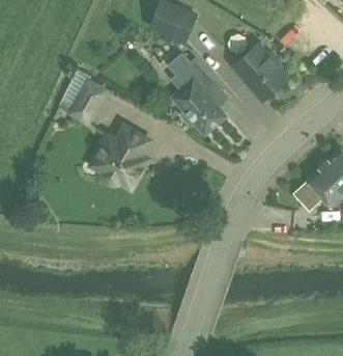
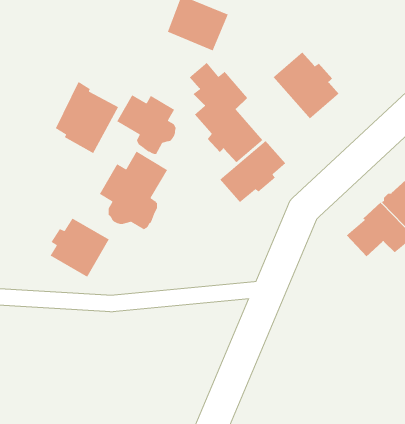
building: none -> [116,94,177,155]
building: none -> [219,140,286,203]
building: none -> [49,217,110,278]

